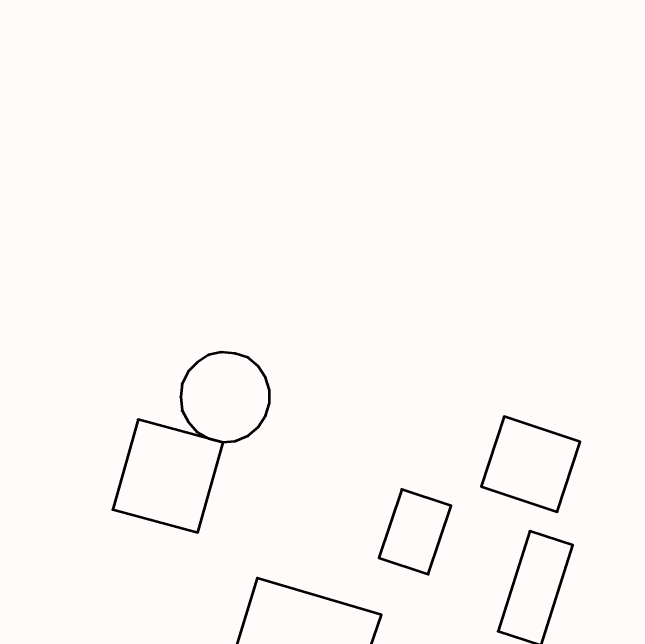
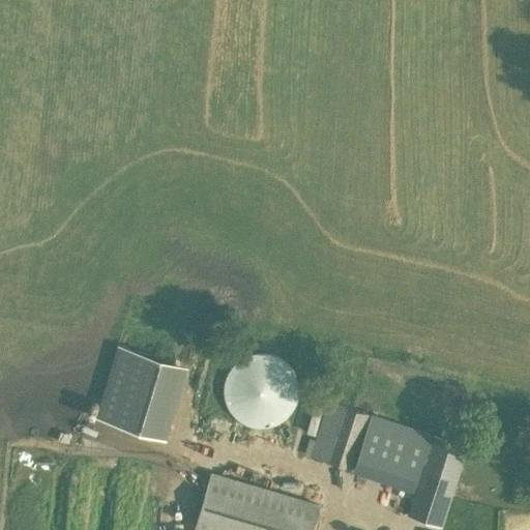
building: [181,352,269,442] -> [226,356,298,430]
building: [481,417,580,512] -> [353,415,434,493]

